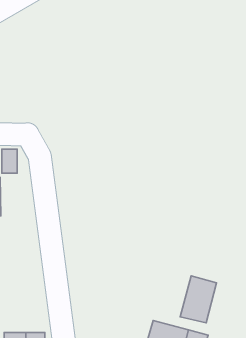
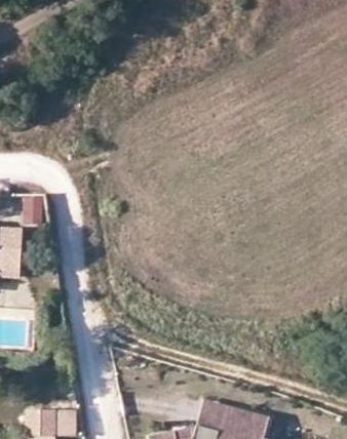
building: [180,276,217,323] -> none

